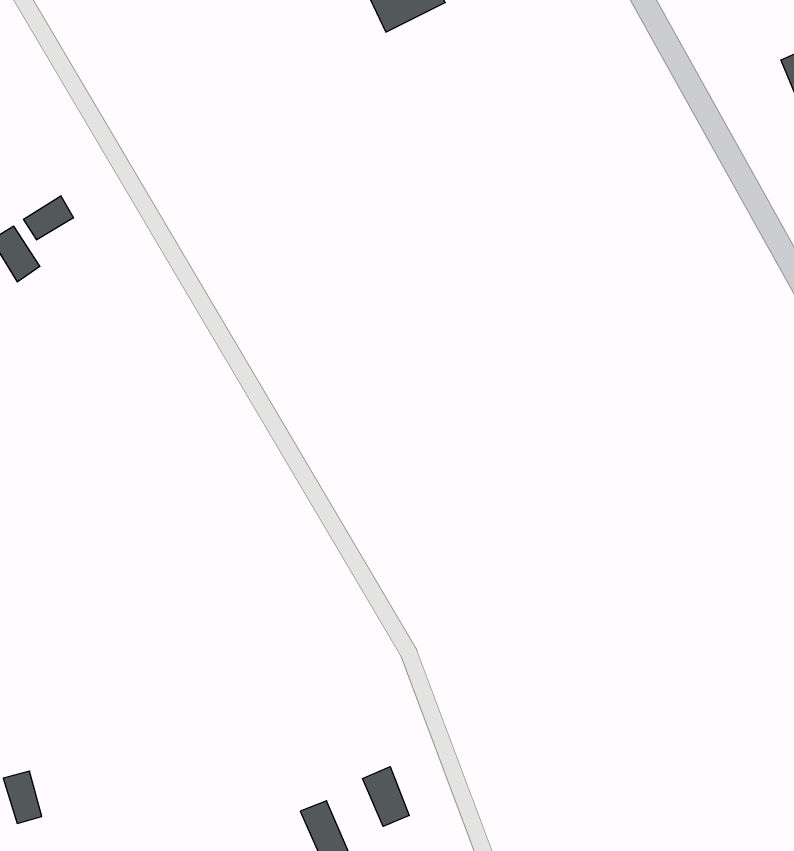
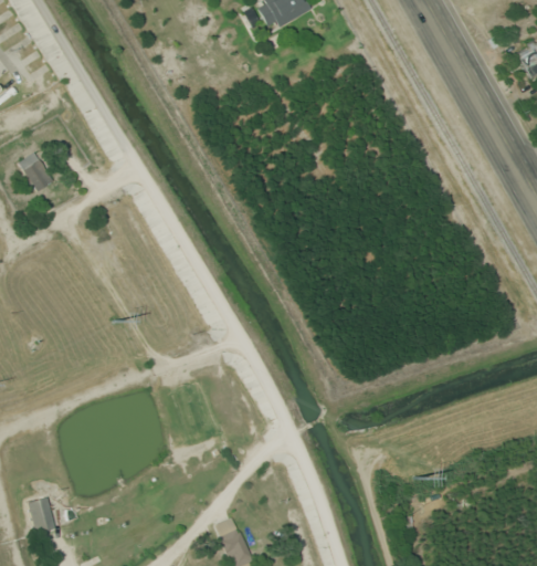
building: [24,196,74,240] -> none
building: [363,767,409,826] -> none

